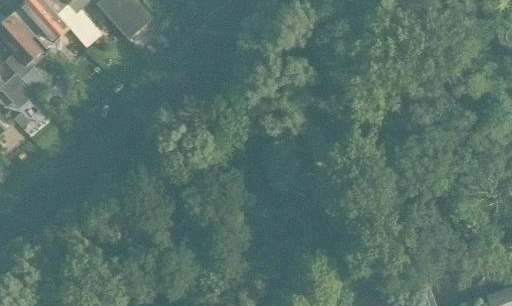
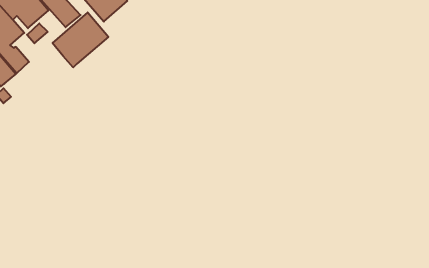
building: none -> [53,12,108,67]

